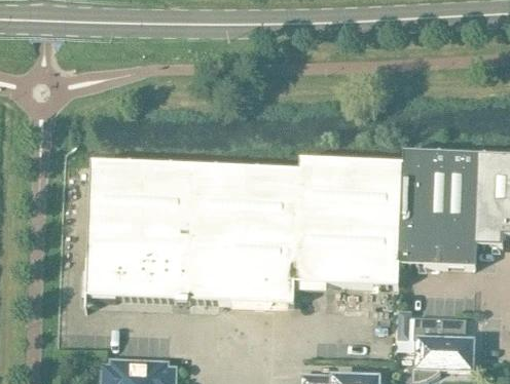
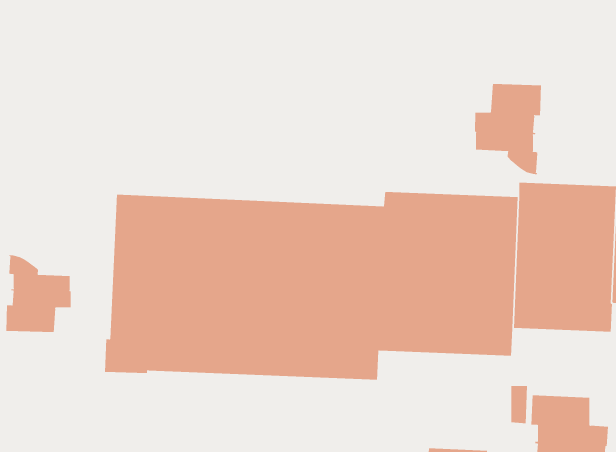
building: none -> [474,83,542,175]
building: none -> [6,254,71,333]

